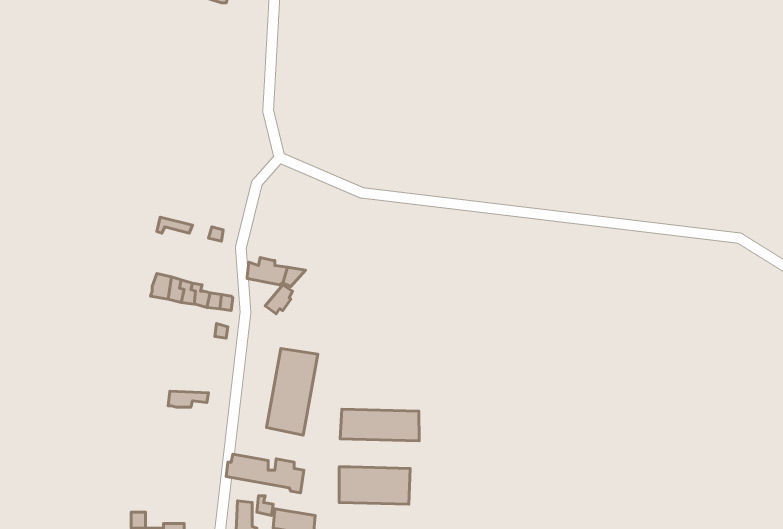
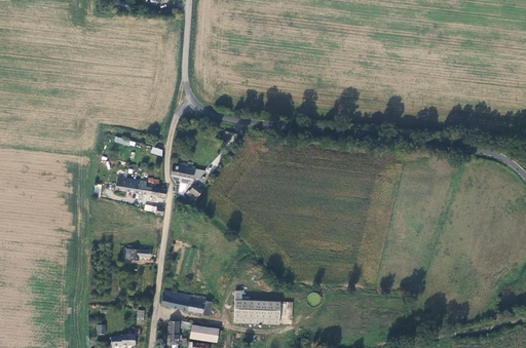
building: [266,348,318,435] -> none
building: [340,409,419,441] -> none

